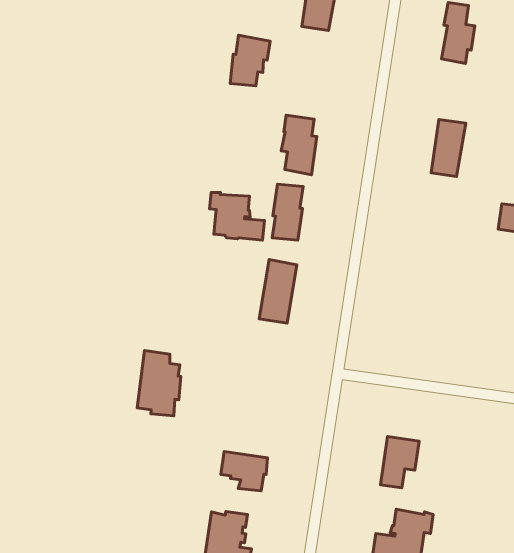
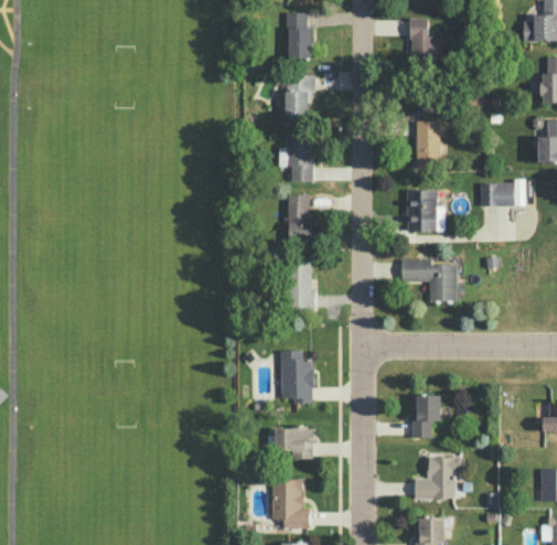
building: [230,35,270,86] -> [286,74,315,116]
building: [210,192,264,240] -> none
building: none -> [408,190,438,231]
building: none -> [401,258,457,301]
building: [137,351,181,416] -> [280,350,315,403]

